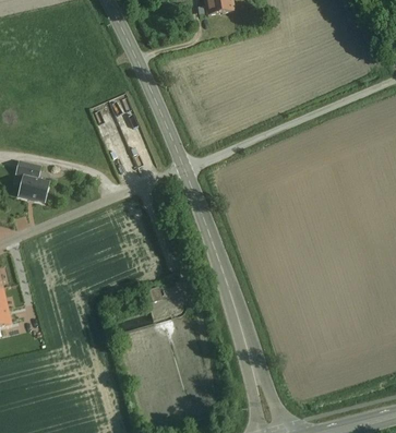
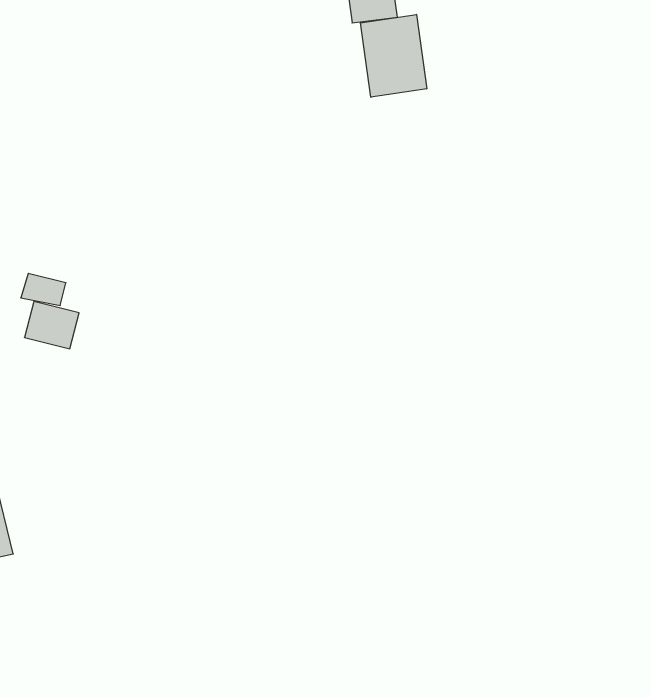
building: none -> [361,14,427,97]

